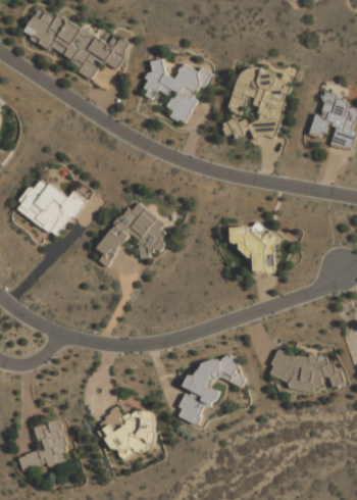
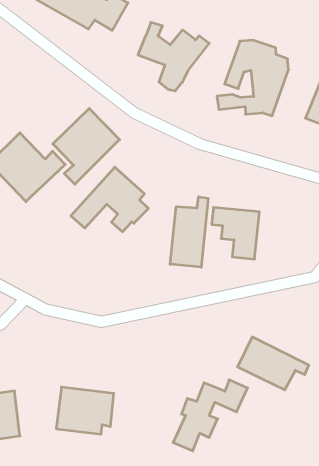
building: none -> [53,108,120,184]
building: none -> [170,197,208,267]
building: [177,353,243,423] -> [173,380,248,451]

